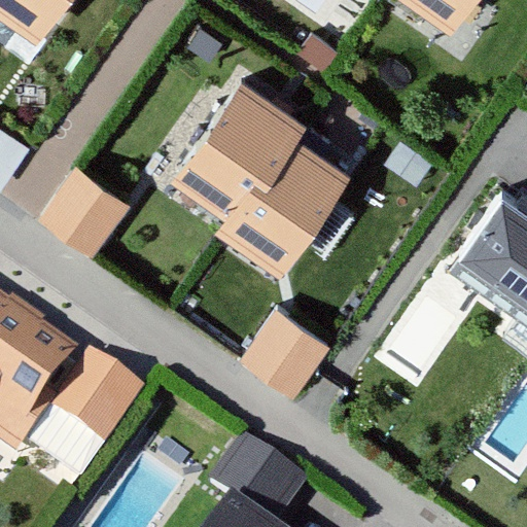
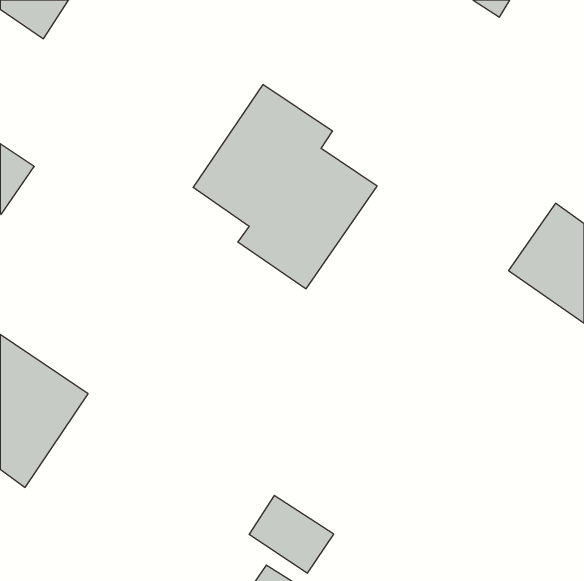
building: [44,173,132,259] -> none
building: [247,309,335,395] -> none
building: [55,364,142,451] -> none

